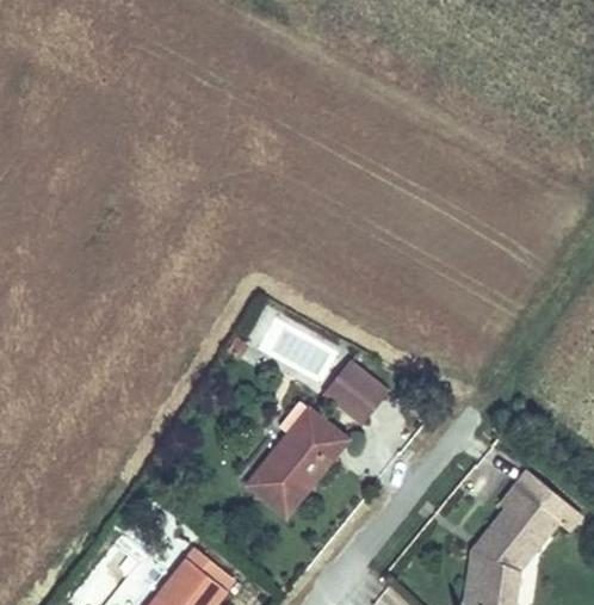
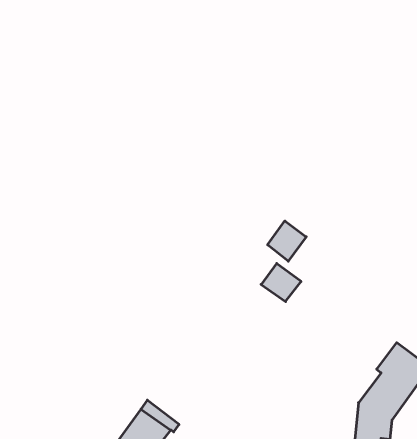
building: none -> [268,221,306,261]
building: [248,412,348,514] -> none

